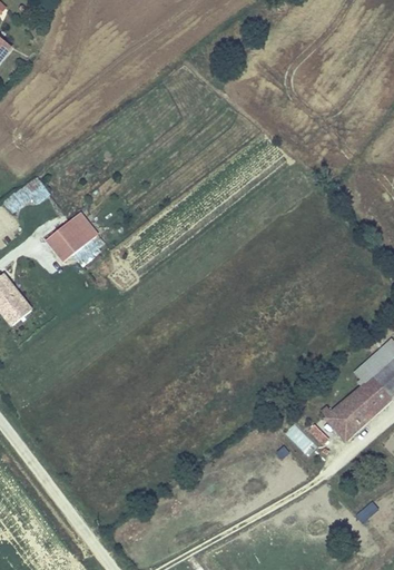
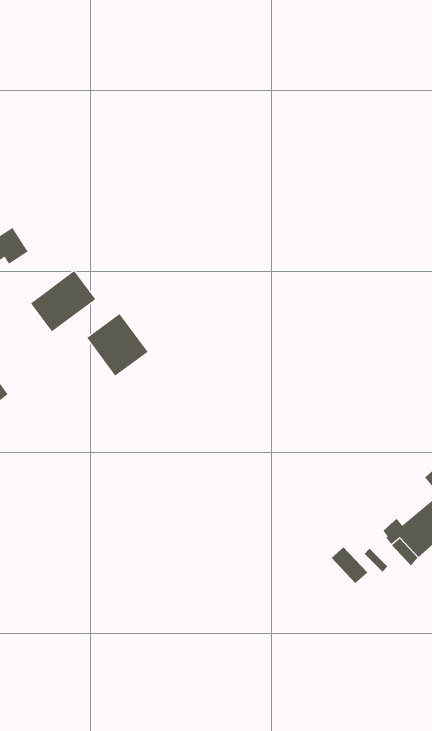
building: none -> [86,313,148,376]

